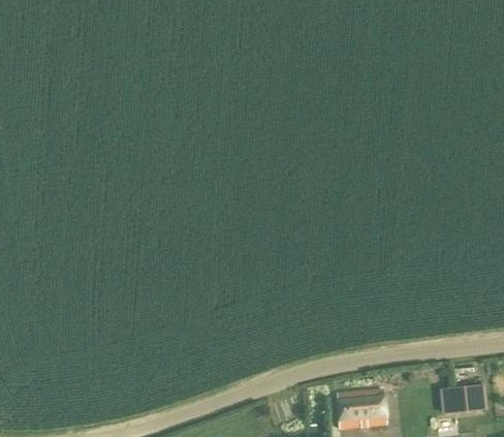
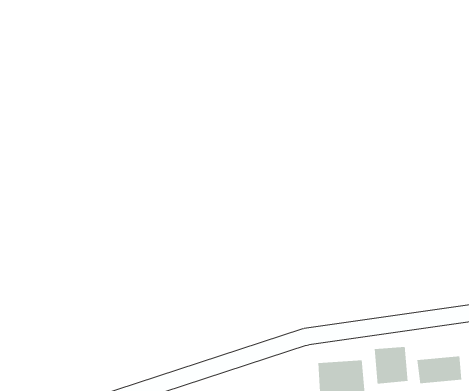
building: none -> [374,346,408,385]

